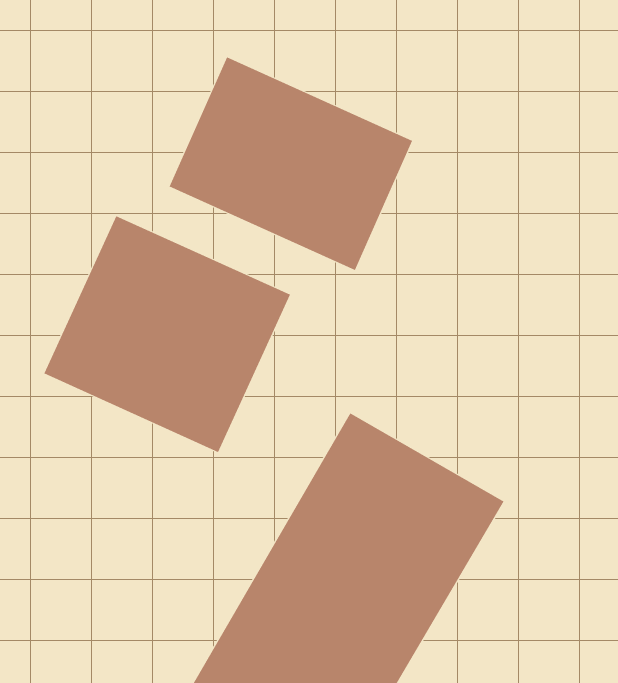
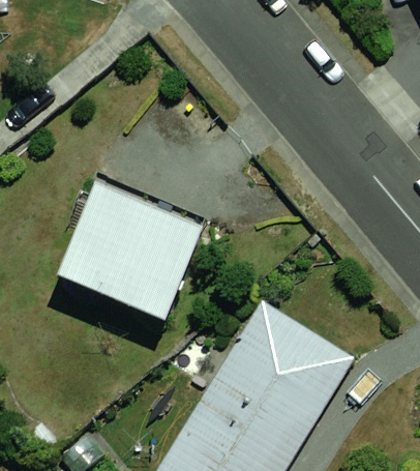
building: [169,57,413,271] -> none

